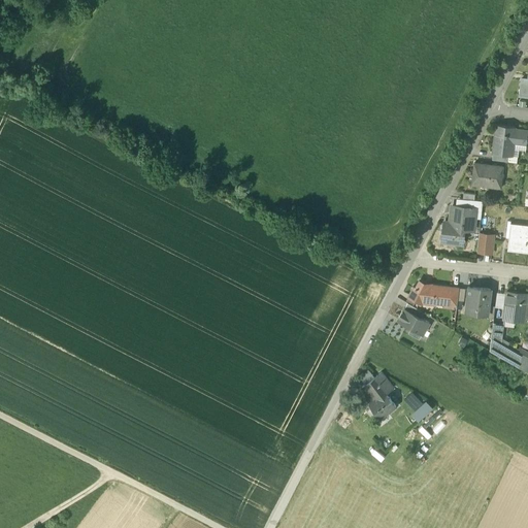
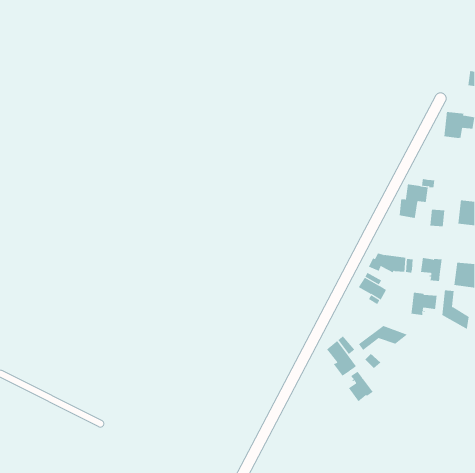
building: [472,164,503,188] -> none
building: none -> [411,292,437,316]
building: none -> [358,325,408,351]
building: none -> [348,371,373,402]

